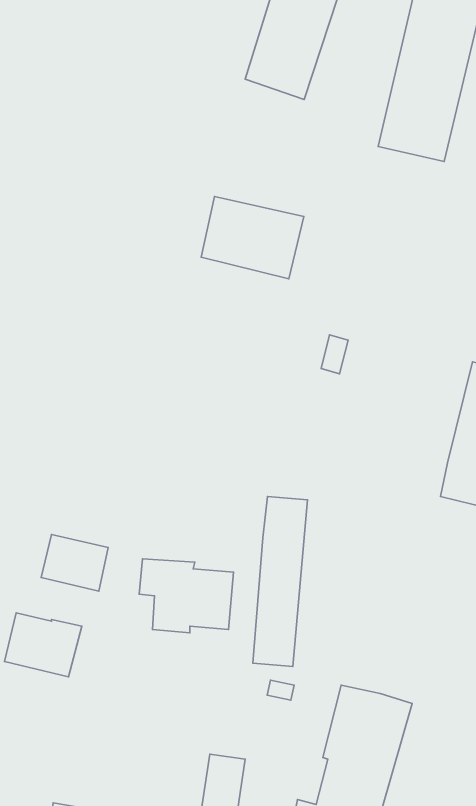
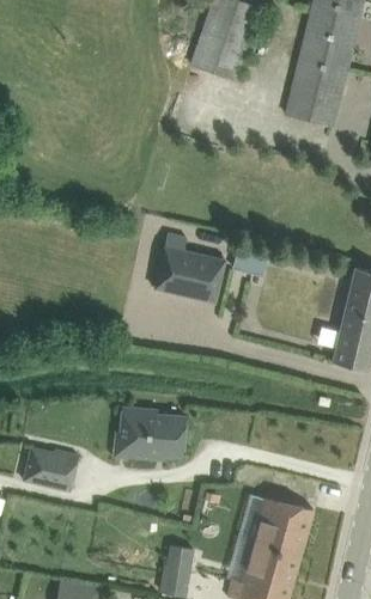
building: [201,196,304,279] -> [152,245,225,304]
building: [253,496,307,667] -> none
building: [41,535,108,591] -> none

